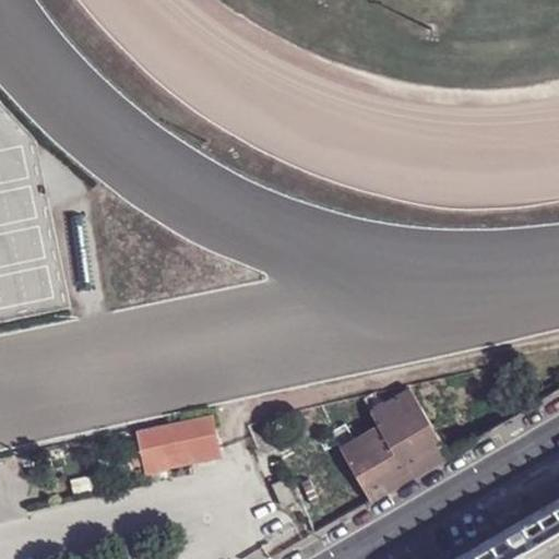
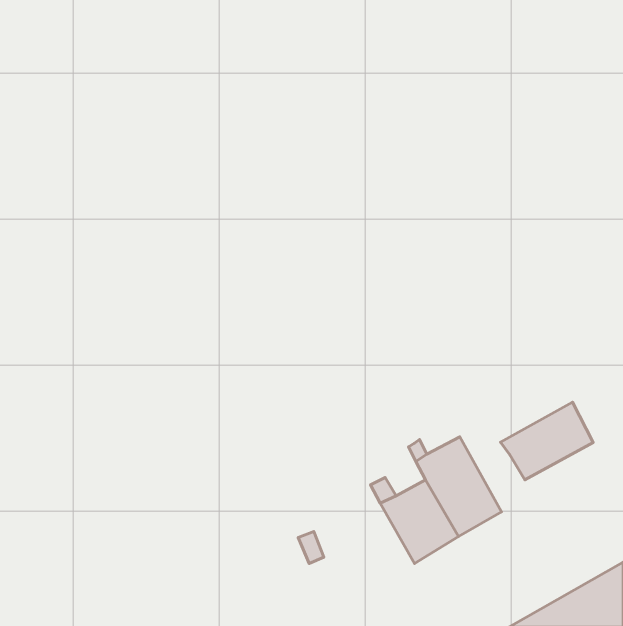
building: none -> [501,402,593,480]
building: [145,421,225,471] -> none

